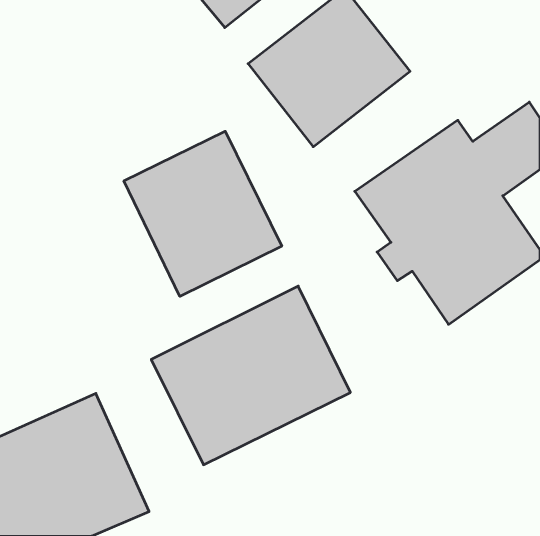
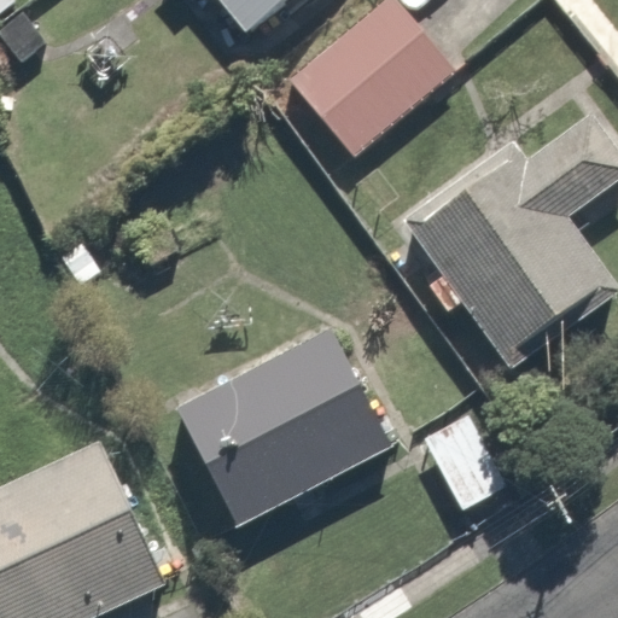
building: [124,131,282,296] -> none

